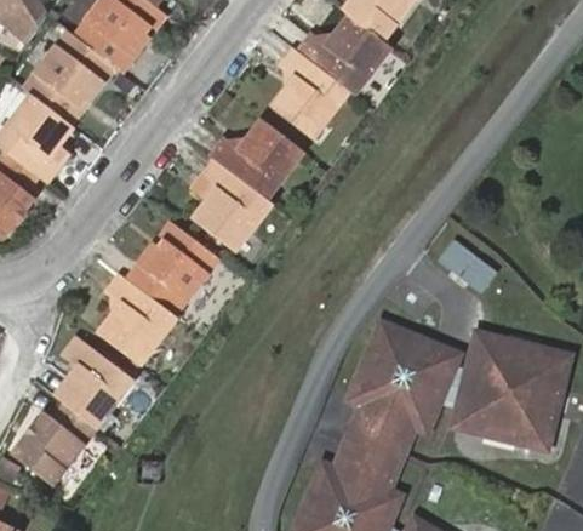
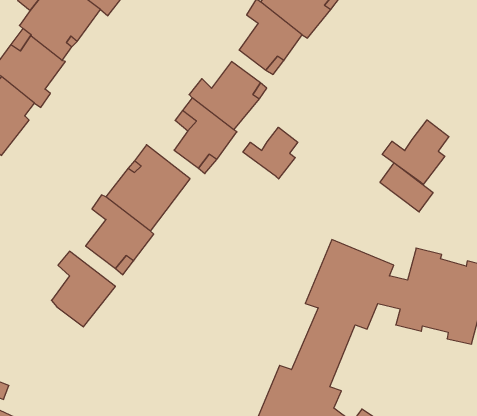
building: none -> [382,120,449,184]
building: none -> [243,127,298,179]
building: [21,401,97,478] -> none

